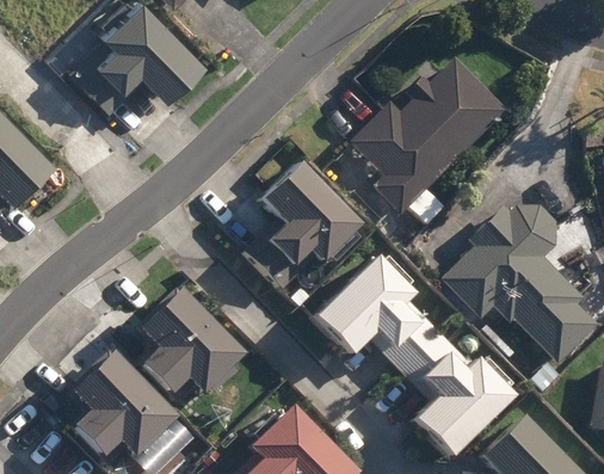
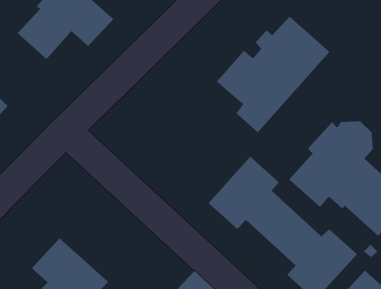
building: [247,161,363,287] -> none
building: [142,287,247,392] -> none

